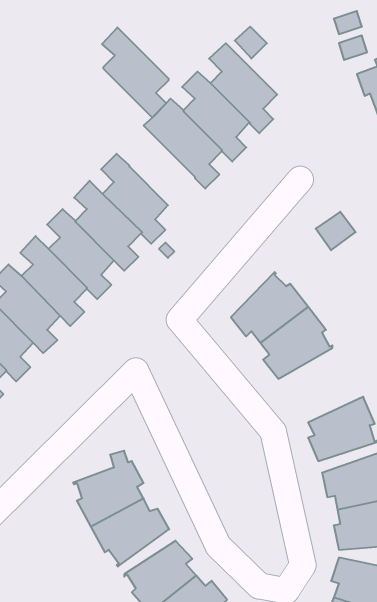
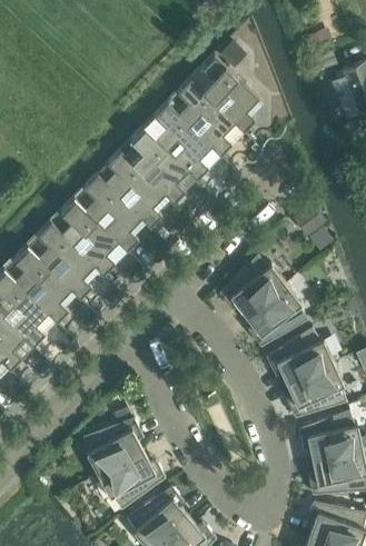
building: [102,27,169,117] -> [130,127,188,205]
building: none -> [266,326,334,384]

